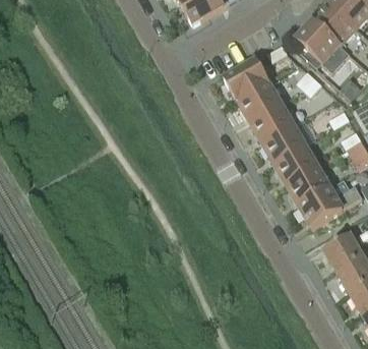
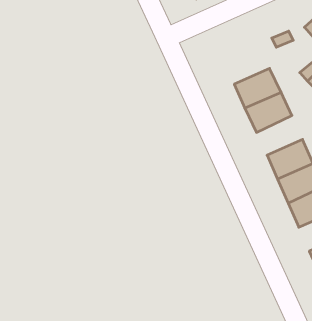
building: [225,59,268,100] -> none
building: [262,123,306,163] -> none

